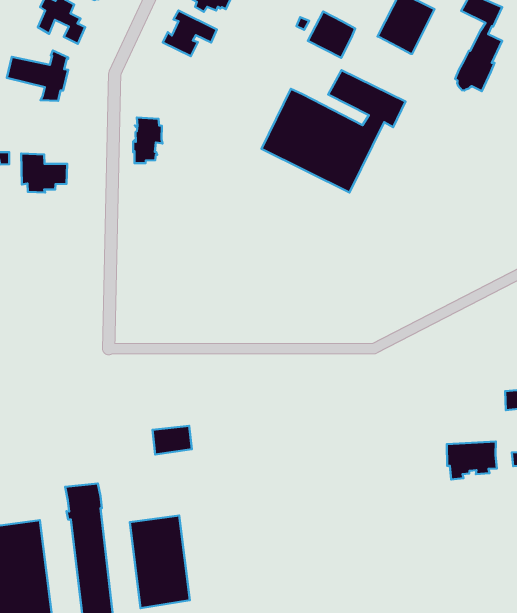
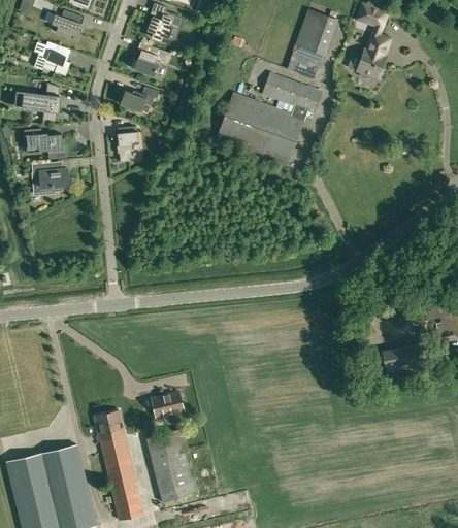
building: [308,11,355,58] -> [287,44,322,78]
building: none -> [120,86,159,111]
building: none -> [25,128,66,159]
building: [152,426,192,454] -> [152,392,184,417]

